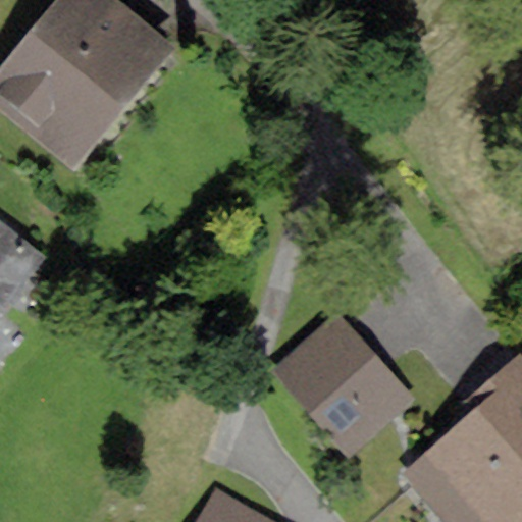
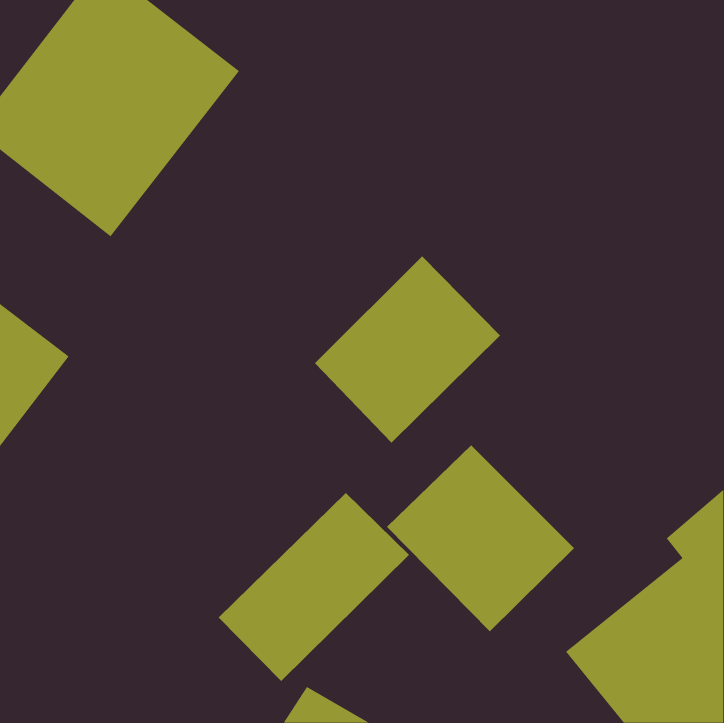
building: none -> [314,256,501,444]
building: none -> [218,492,410,682]

